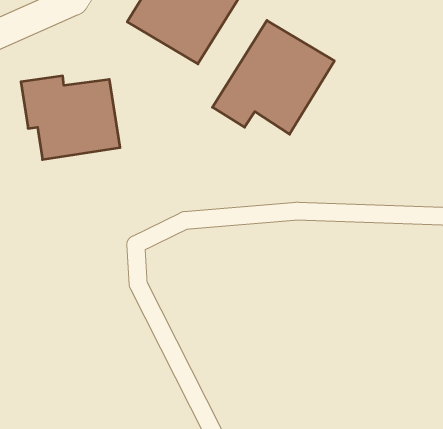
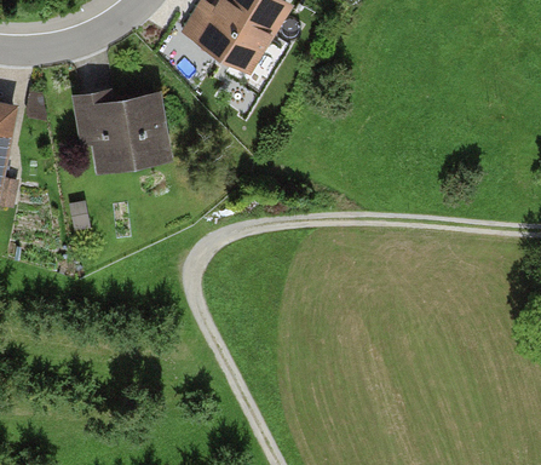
building: [212,20,334,134] -> none

